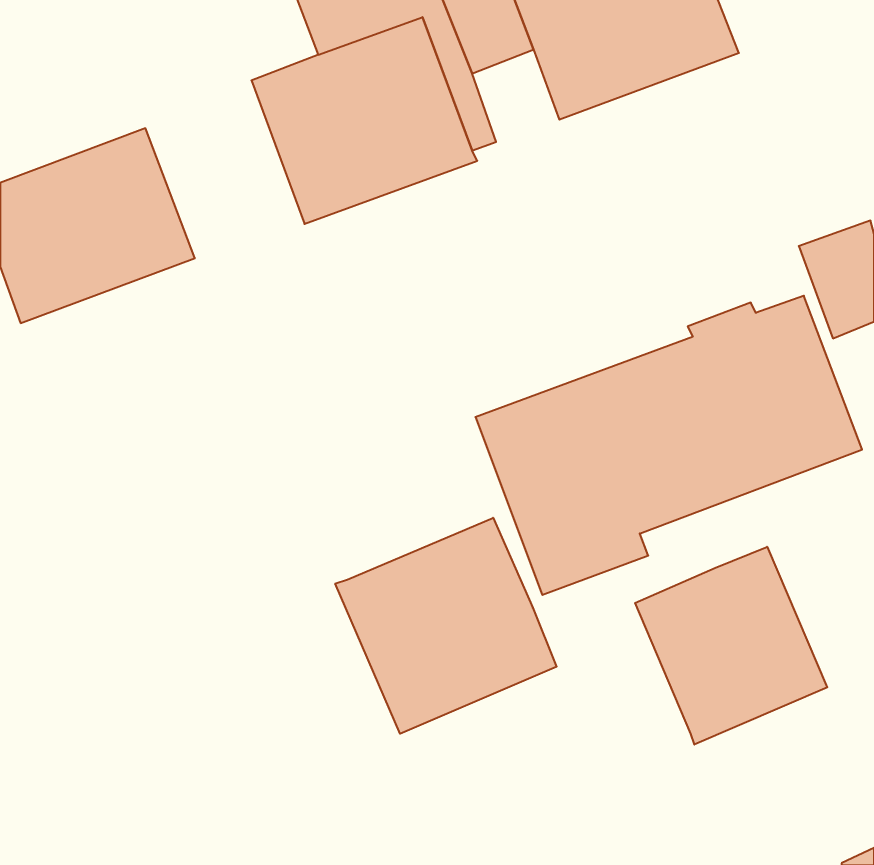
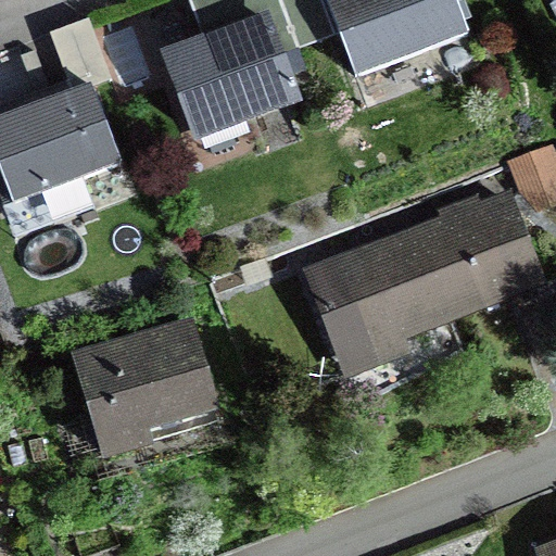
building: none -> [71,316,219,462]
building: [335,518,557,734] -> none
building: [635,547,827,745] -> none

